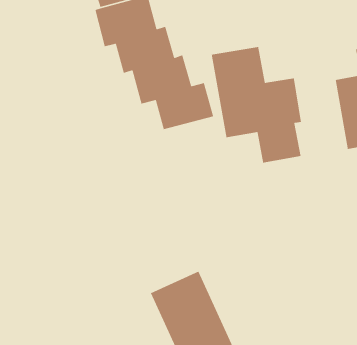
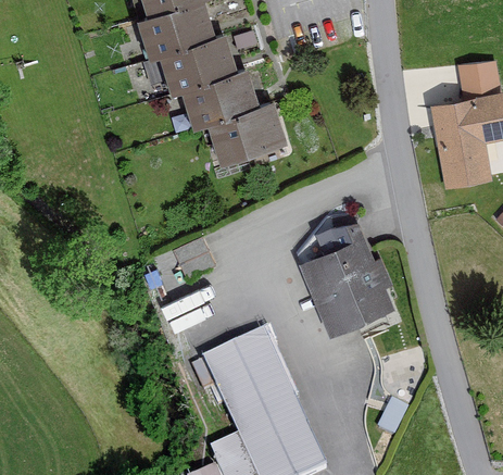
building: [211,46,302,163] -> none
building: none -> [300,222,393,336]

